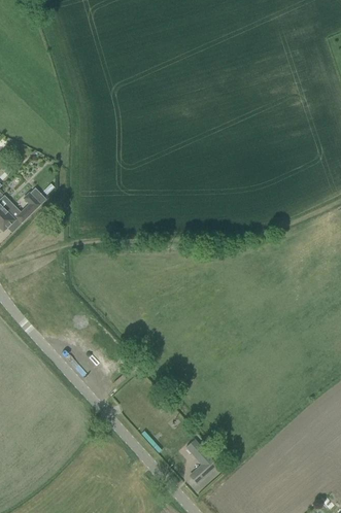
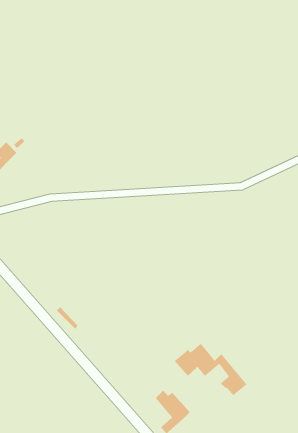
building: none -> [174,343,247,396]

